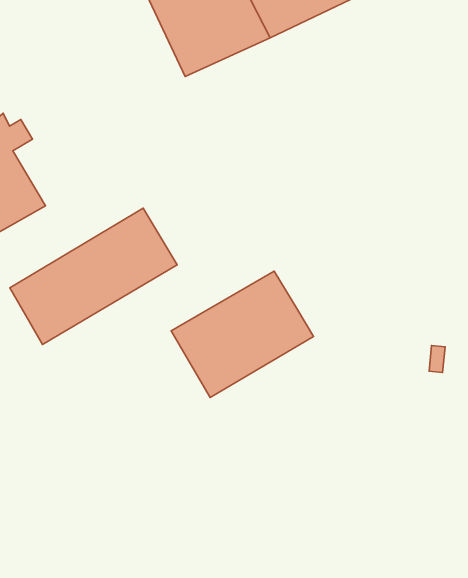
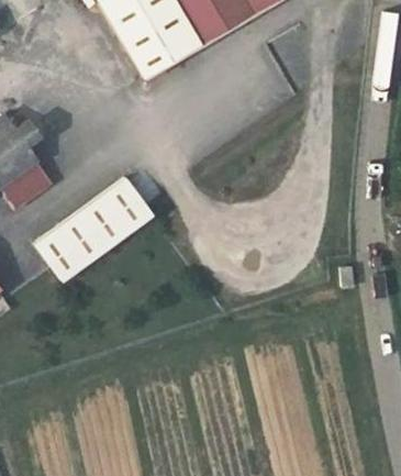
building: [171,271,314,397] -> none

